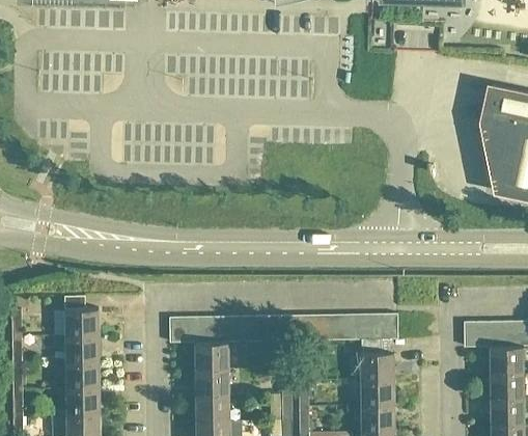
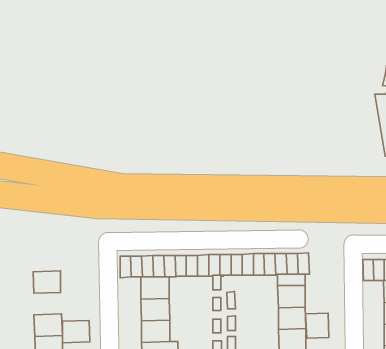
building: [64,308,99,336] -> none
building: [66,361,100,388] -> [62,320,90,343]
building: none -> [305,313,329,338]

